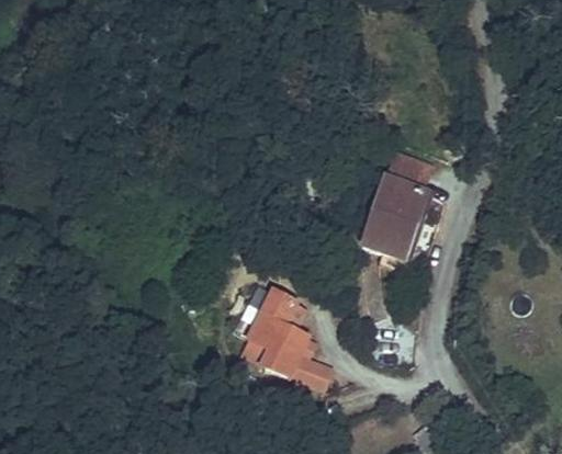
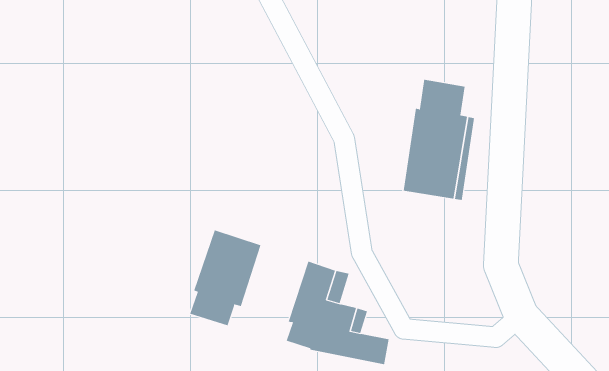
building: none -> [189,230,261,326]

